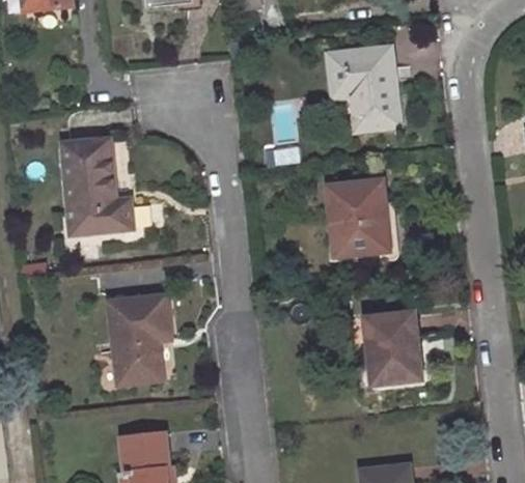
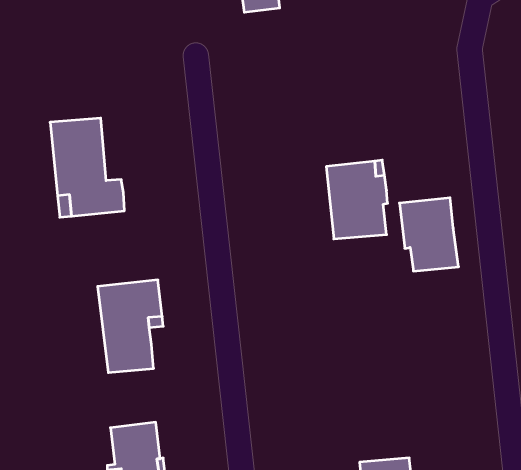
building: [329,48,399,130] -> none
building: [366,312,423,382] -> [399,198,459,271]

